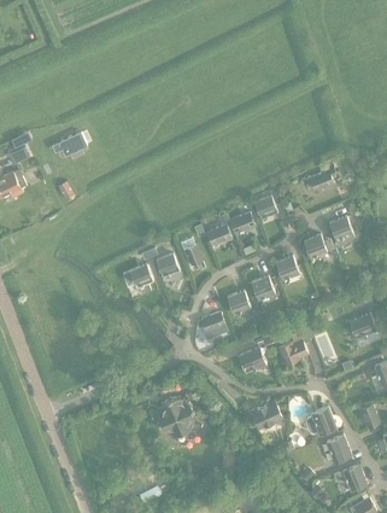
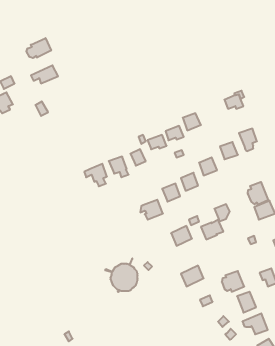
building: none -> [26,38,51,58]
building: none -> [248,182,268,205]

